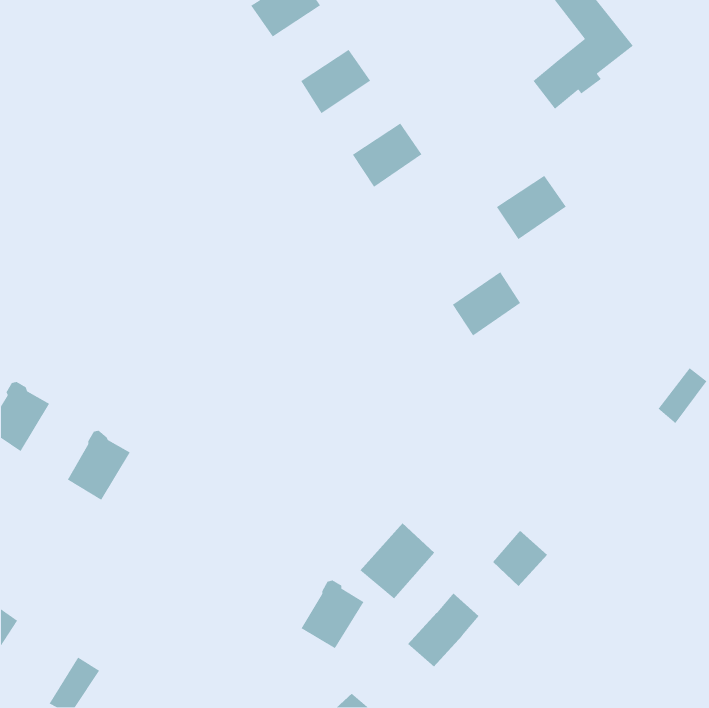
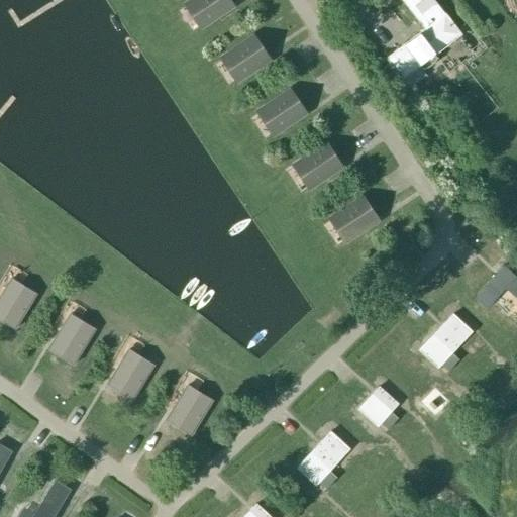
building: [496,175,567,240] -> [292,142,343,190]
building: none -> [419,313,473,367]
building: none -> [108,348,154,399]
building: [360,522,435,600] -> none
building: [301,580,364,649] -> [167,384,213,434]

